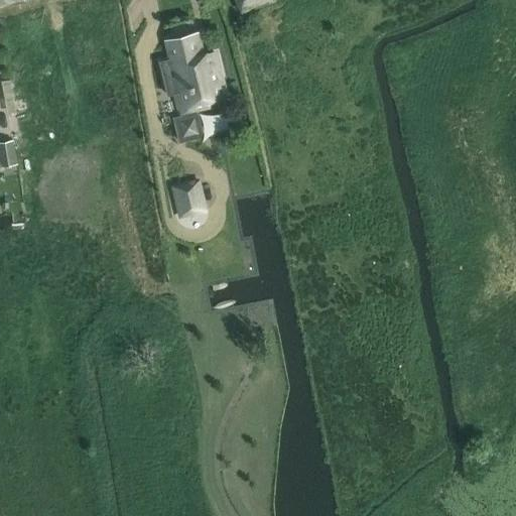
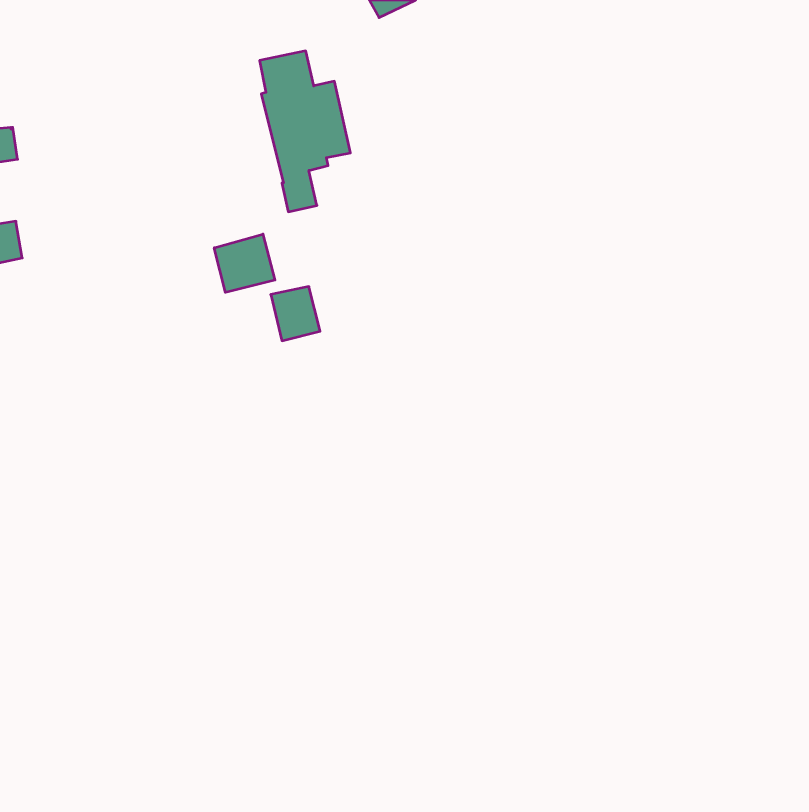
building: none -> [214,234,275,292]

